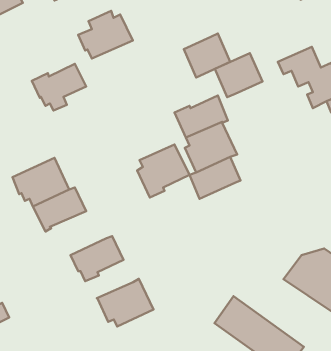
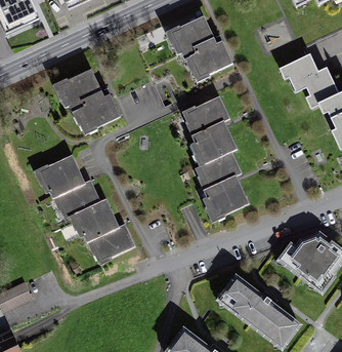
building: [78,11,133,59] -> [71,86,120,129]
building: [215,53,262,97] -> [170,15,213,55]
building: [137,144,189,198] -> [201,173,248,222]
building: [97,279,153,326] -> [68,196,119,239]

